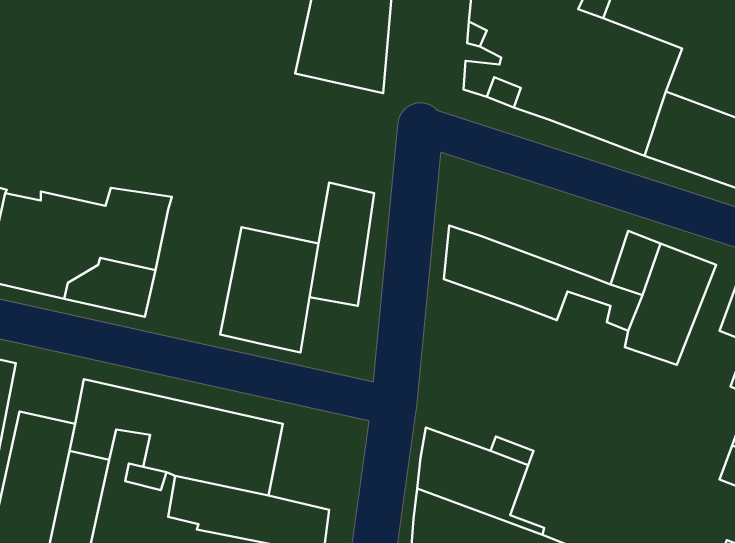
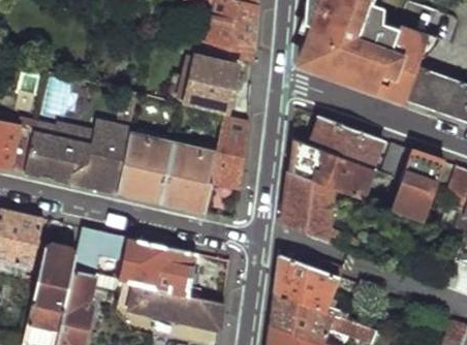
building: none -> [184,56,239,113]
building: none -> [311,116,386,170]
building: none -> [117,131,173,203]
building: none -> [283,171,351,249]

